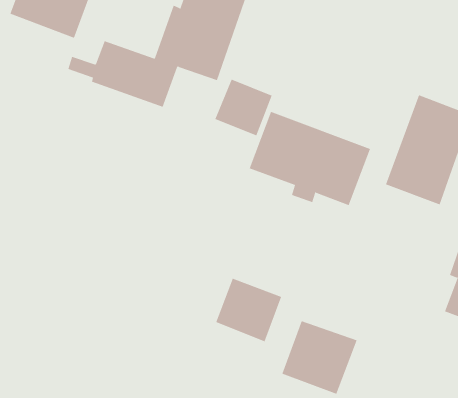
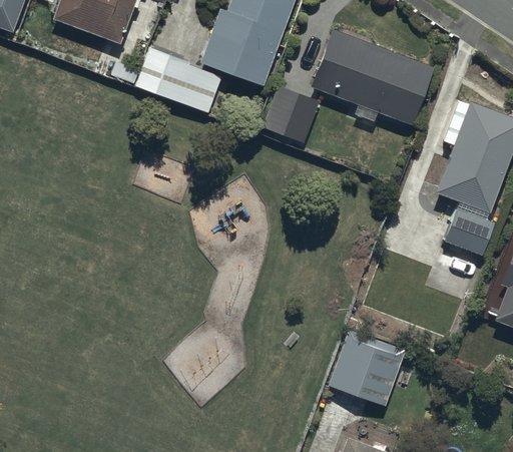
building: [249,111,371,206] -> [311,30,435,126]
building: none -> [445,209,495,256]
building: [215,278,282,342] -> none

